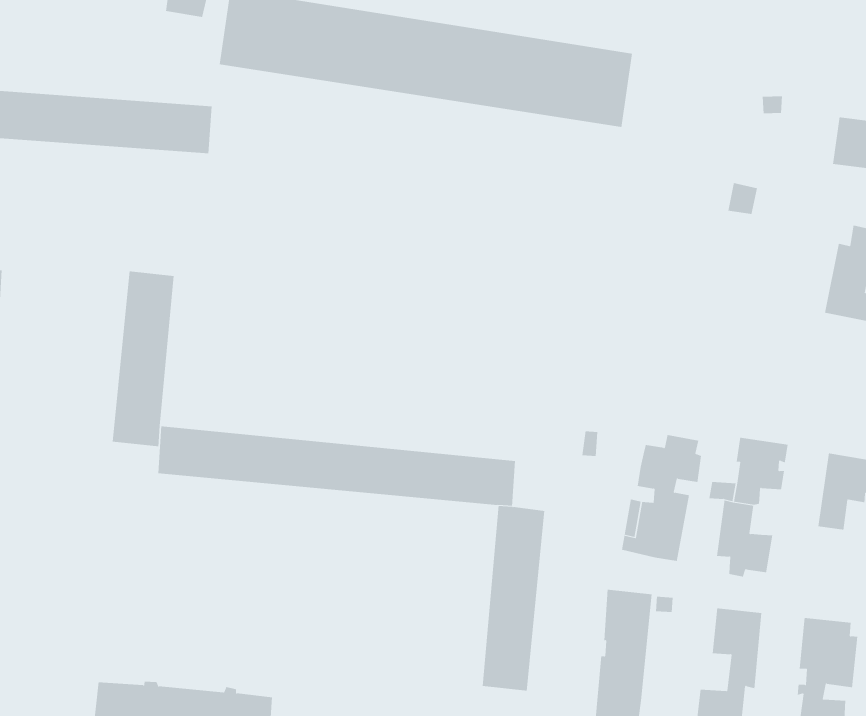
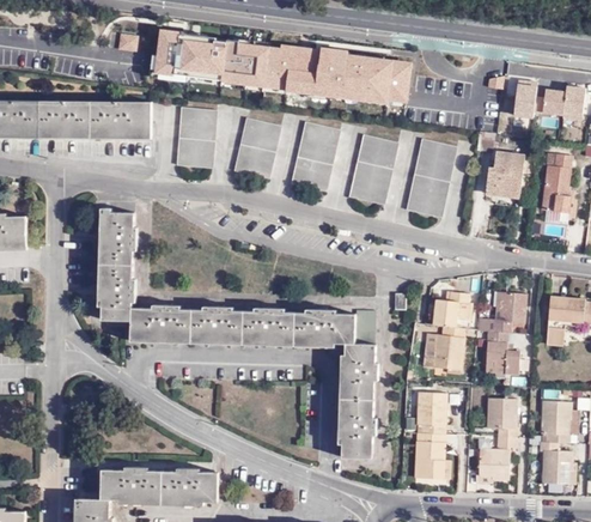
building: none -> [513,83,534,116]
building: none -> [177,108,215,168]
building: none -> [233,119,280,178]
building: none -> [291,122,339,190]
building: none -> [348,134,396,205]
building: none -> [406,139,456,217]
building: none -> [485,152,523,195]
building: none -> [354,311,373,345]

